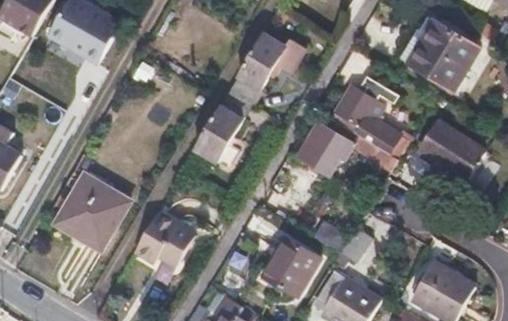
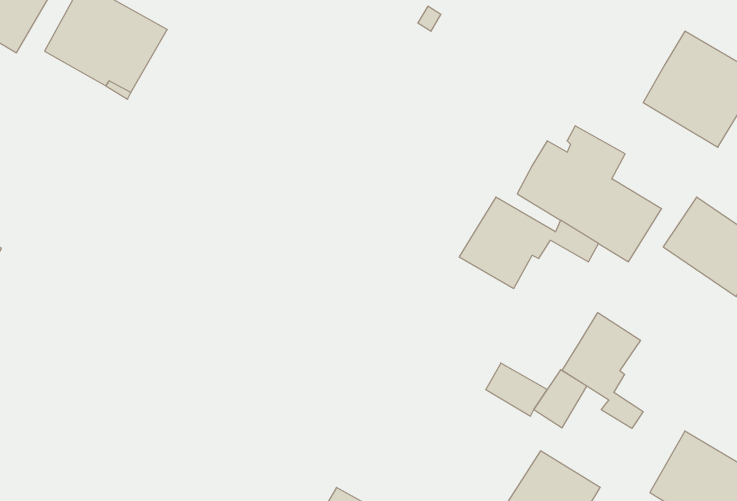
building: [198,29,305,154] -> none
building: [61,174,131,249] -> none
building: none -> [562,313,643,428]
building: [137,208,196,260] -> none
building: [262,235,319,294] -> none

